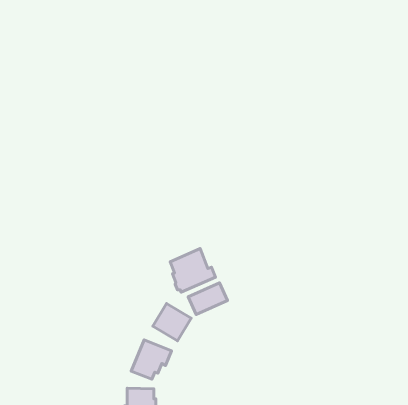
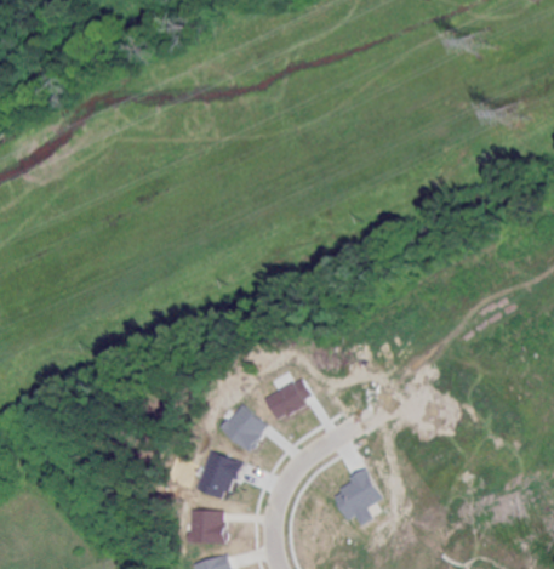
building: [170,249,215,292] -> none
building: none -> [332,468,382,520]

